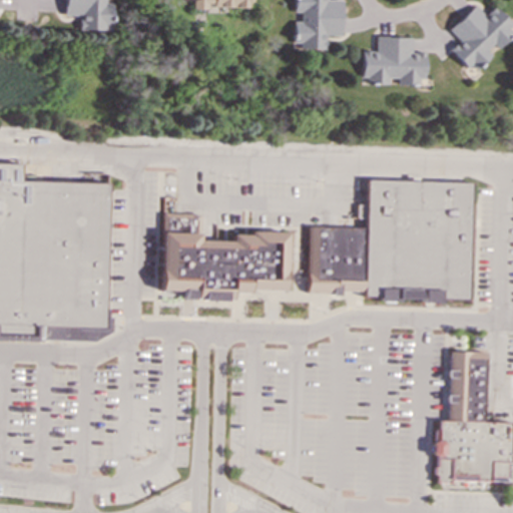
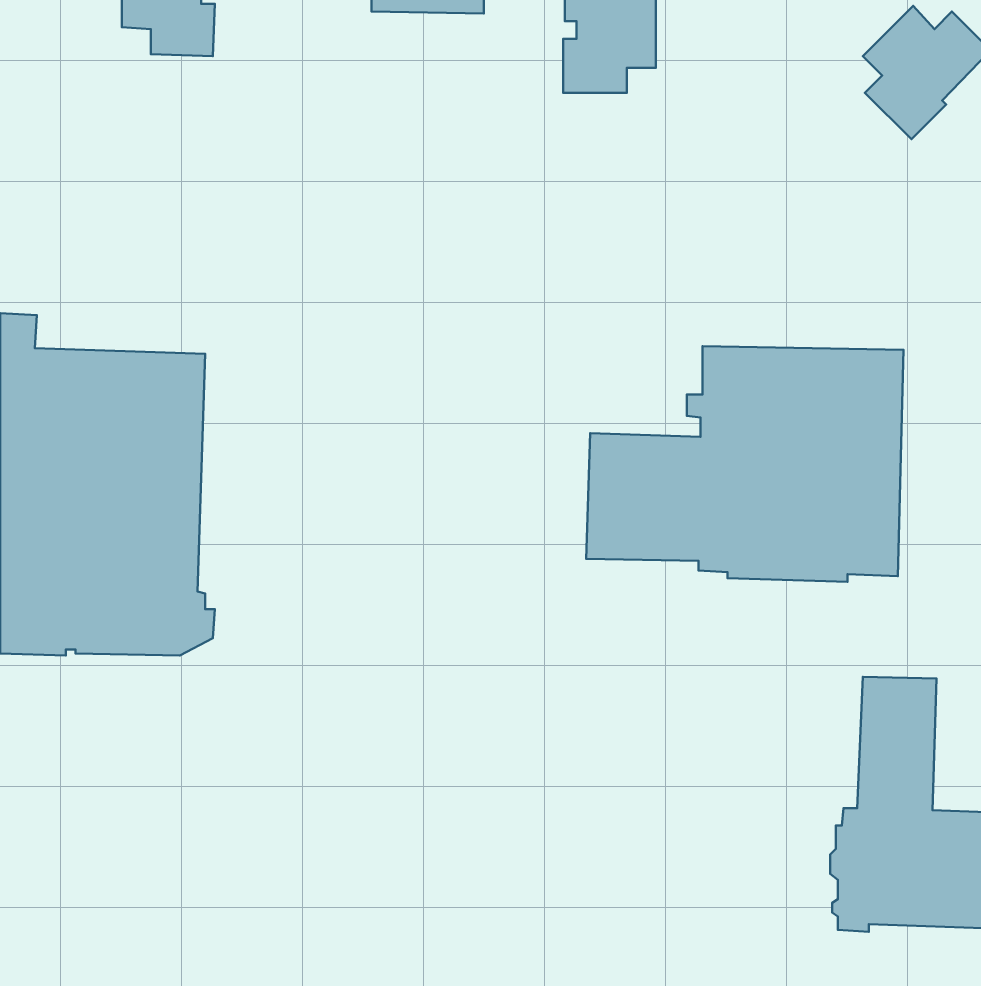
building: [364,35,427,84] -> none
building: [163,210,291,300] -> none

